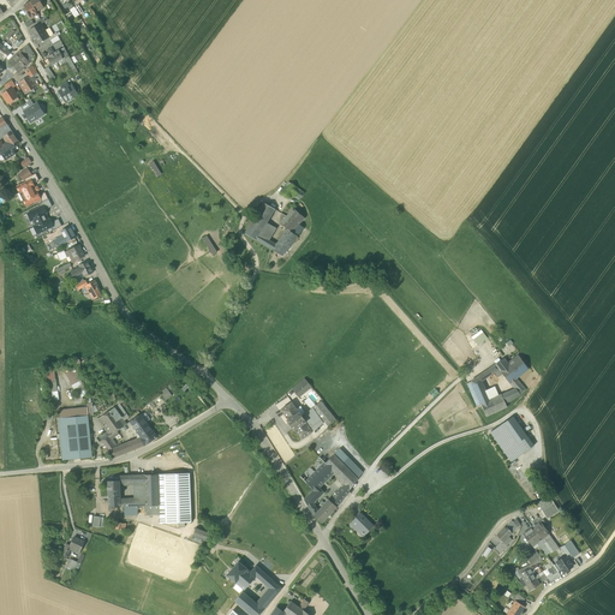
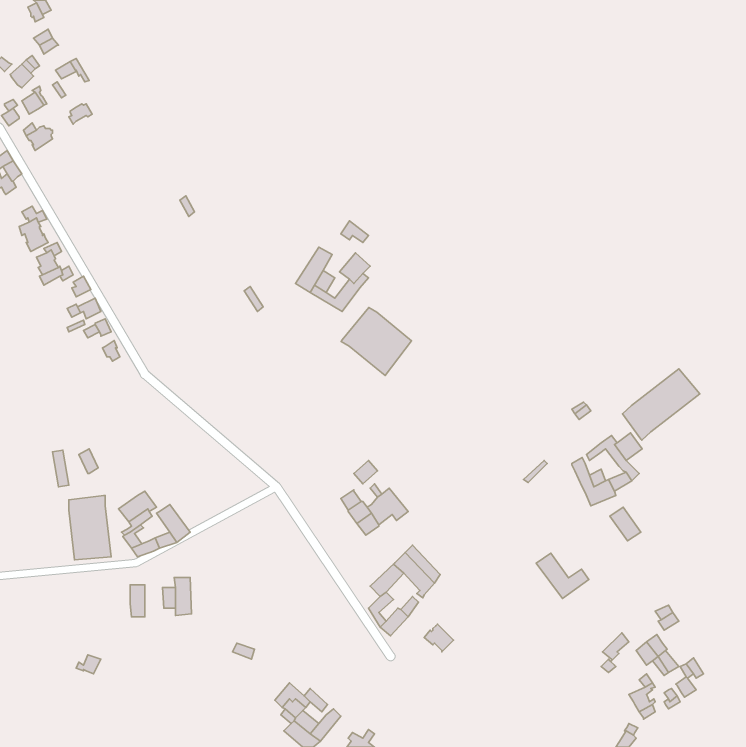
building: none -> [341,307,411,376]
building: none -> [622,369,700,440]
building: [489,424,532,461] -> [536,553,589,598]
building: [162,473,190,524] -> none

